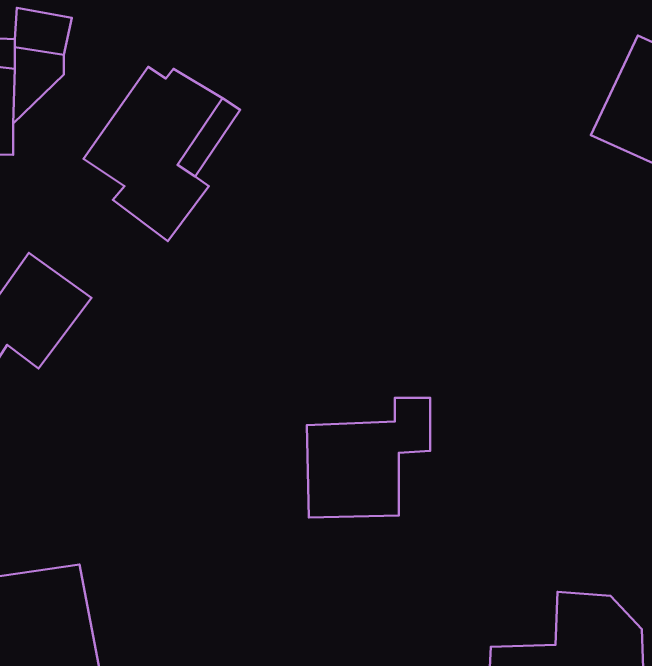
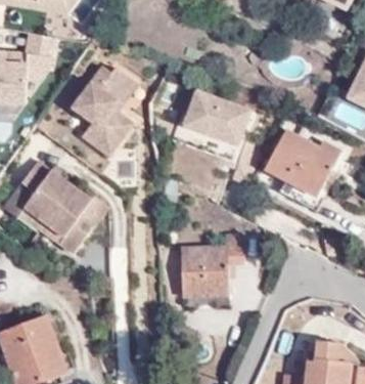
building: none -> [182,88,252,148]
building: none -> [265,132,340,212]
building: none -> [40,184,108,254]

